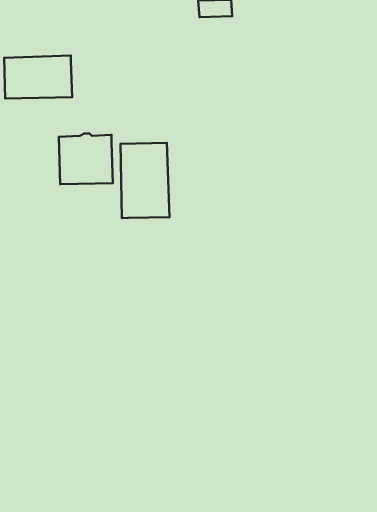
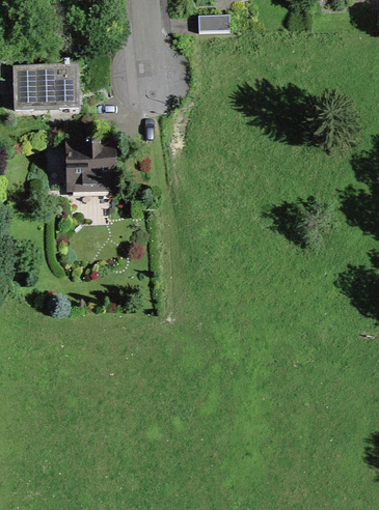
building: [121,143,169,218] -> none

